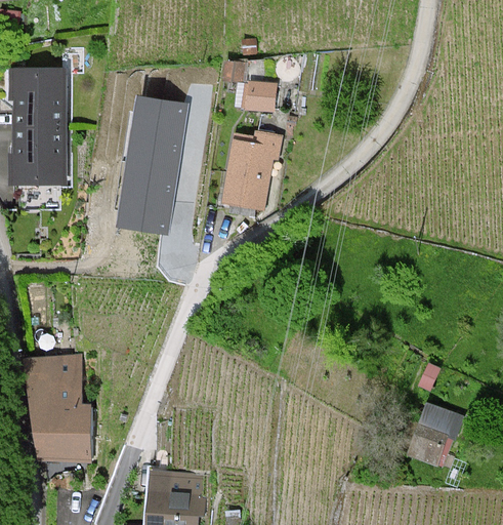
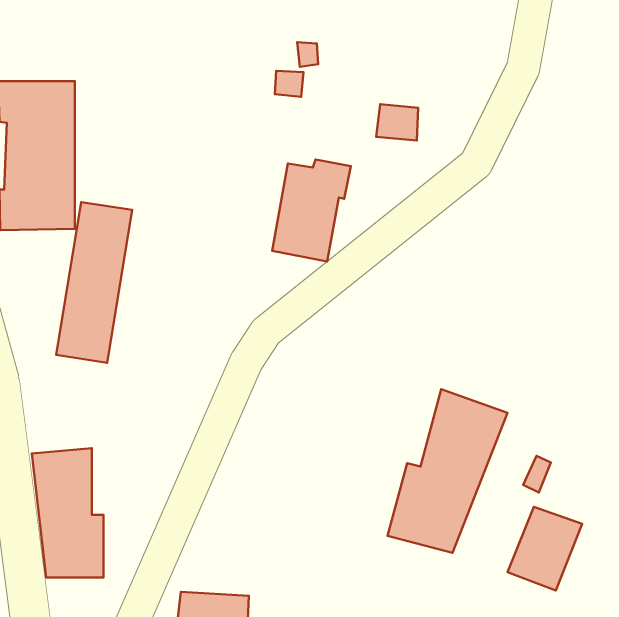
building: [241,81,274,110] -> [376,104,418,141]
building: [123,103,182,229] -> [56,202,132,363]
building: none -> [388,389,507,553]

